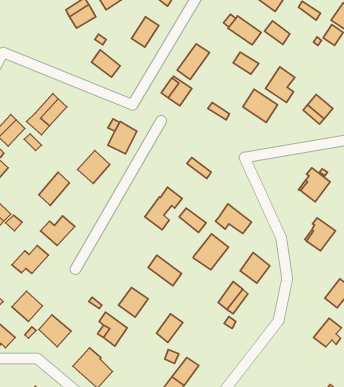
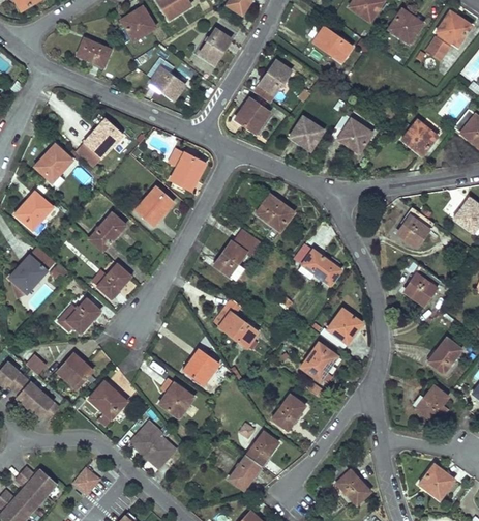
building: [265,21,290,44] -> [387,17,417,45]
building: none -> [77,38,111,66]
building: [233,52,259,74] -> [294,117,324,143]
building: [265,67,295,103] -> none
building: [179,208,206,233] -> [256,202,288,231]
building: [193,234,228,270] -> none
building: [157,314,183,343] -> [273,395,304,429]

